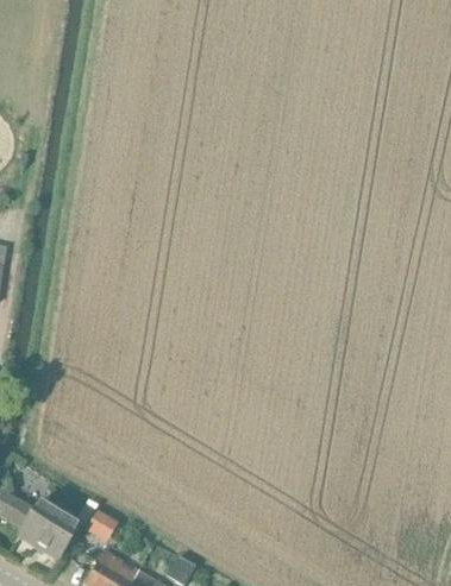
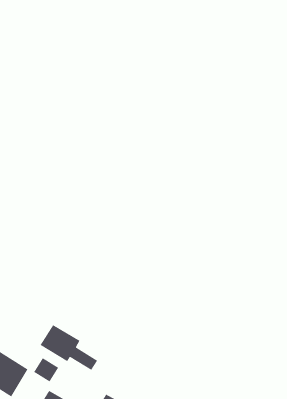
building: none -> [40,324,98,371]

